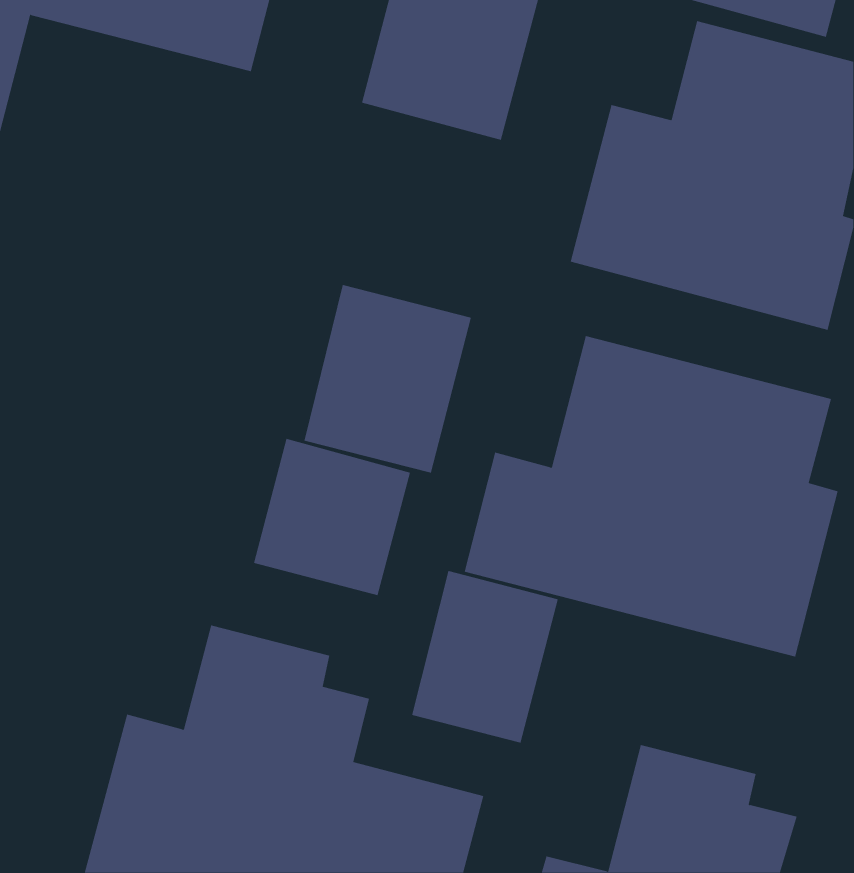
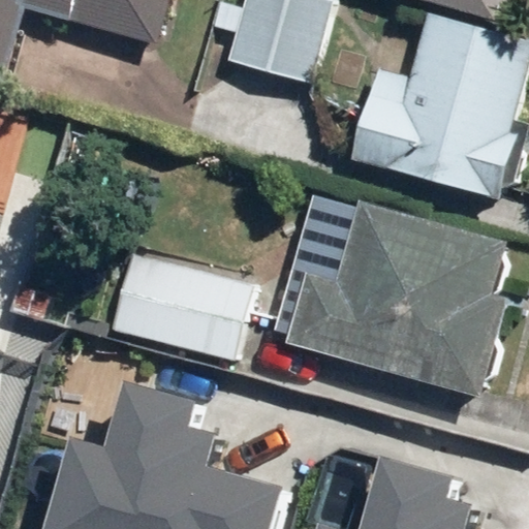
building: [304,284,472,473] -> none
building: [412,570,559,743] -> none

